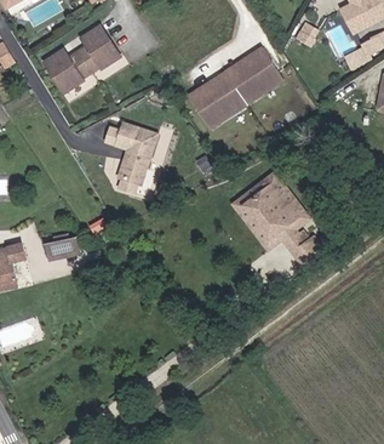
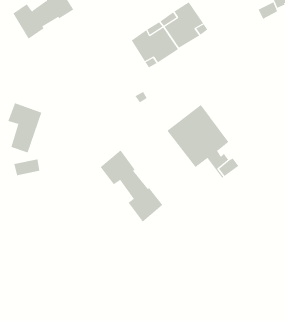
building: [114,121,156,183] -> [7,102,42,153]
building: none -> [100,150,163,222]

